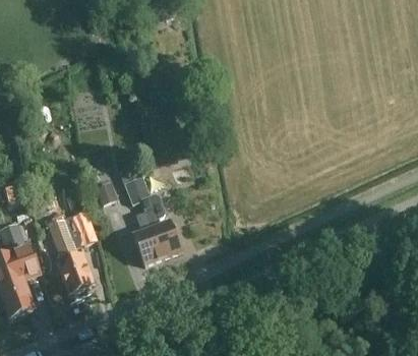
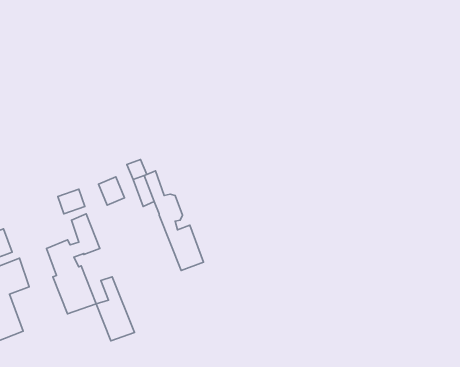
building: [131,212,163,264] -> [96,277,134,341]

